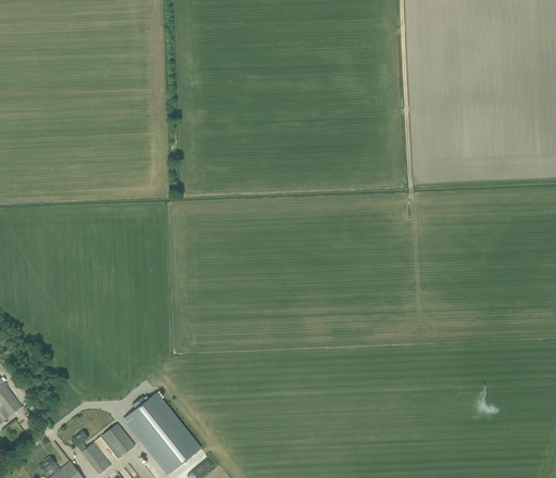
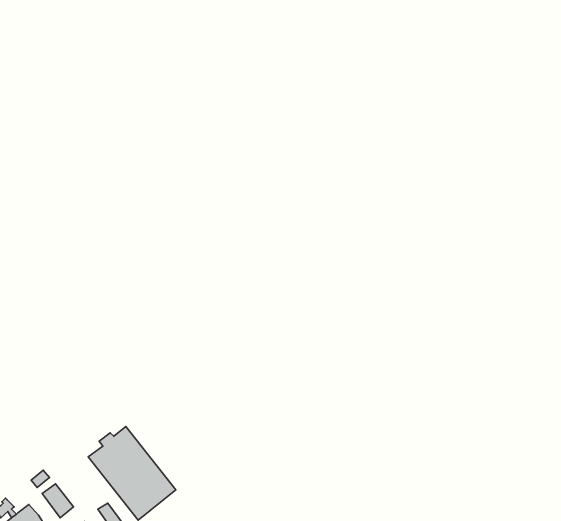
building: [101,424,135,458] -> none

